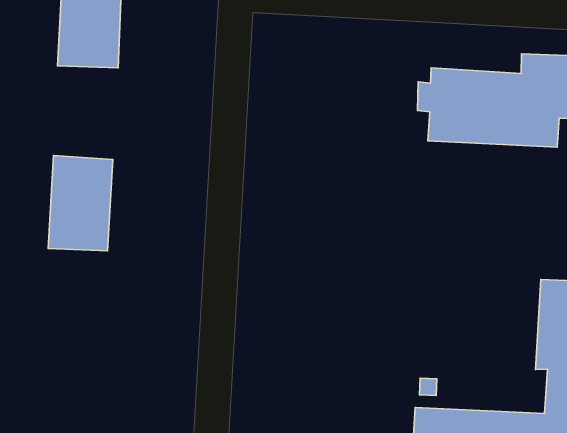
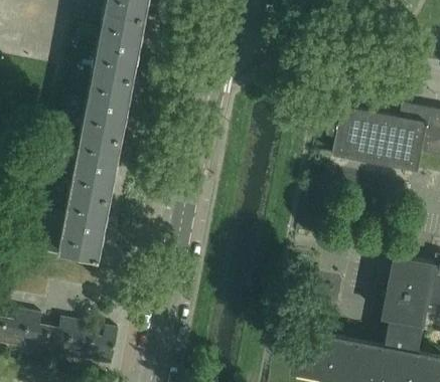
building: none -> [83,71,134,139]
building: none -> [59,192,110,259]

